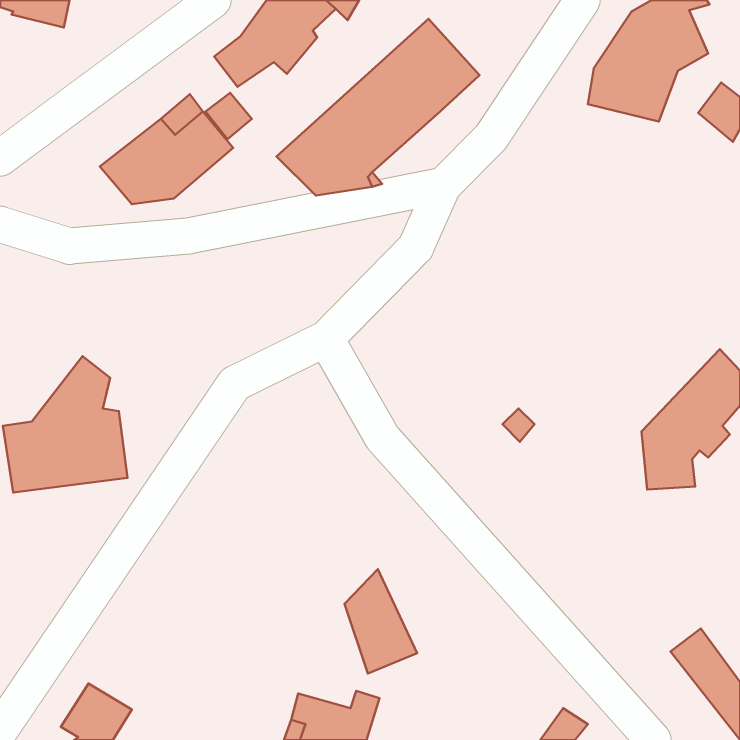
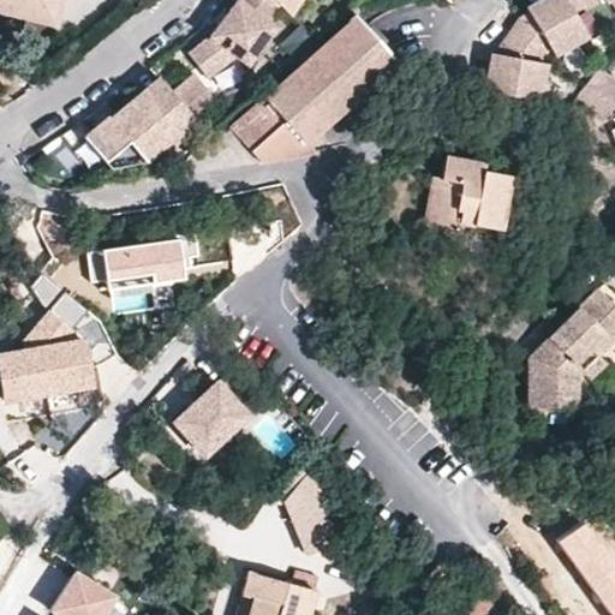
building: none -> [426,155,512,229]
building: none -> [111,240,196,293]
building: none -> [171,381,249,458]

